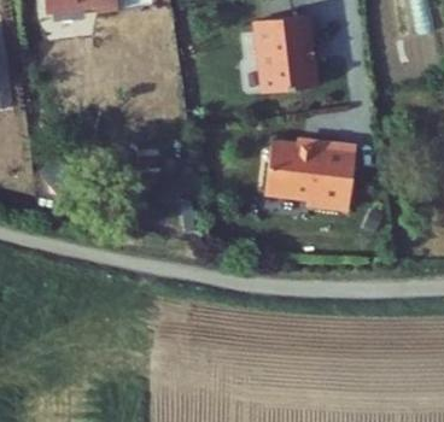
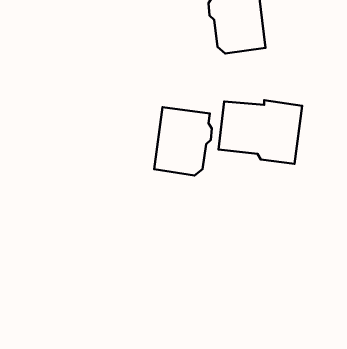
building: none -> [154,107,212,175]

